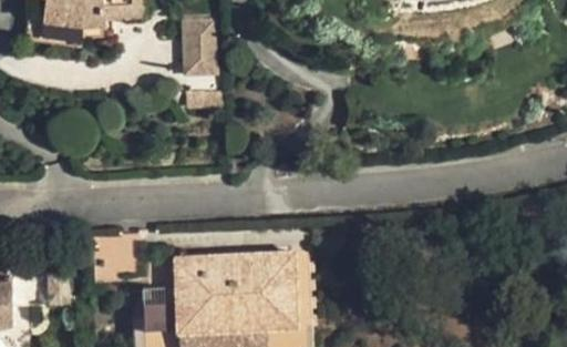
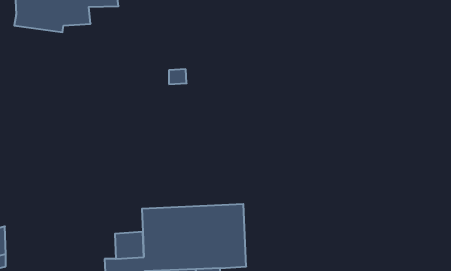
building: [182,19,217,75] -> none

